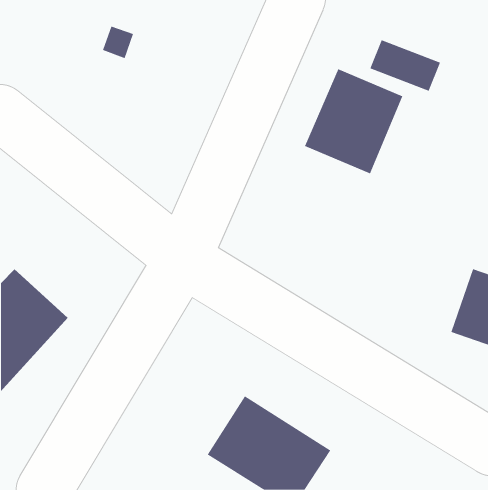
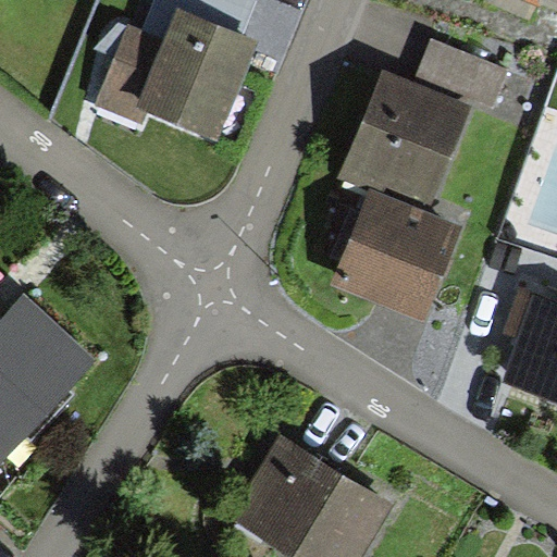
building: none -> [147,13,251,131]
building: none -> [345,208,448,315]

